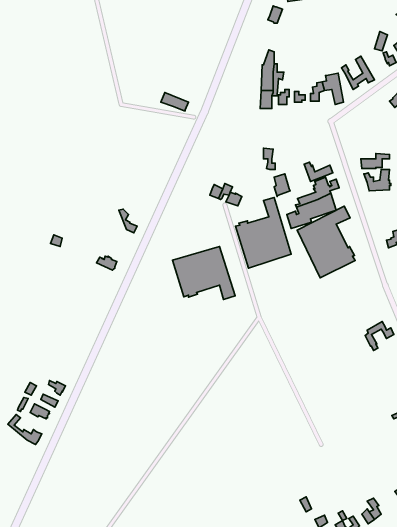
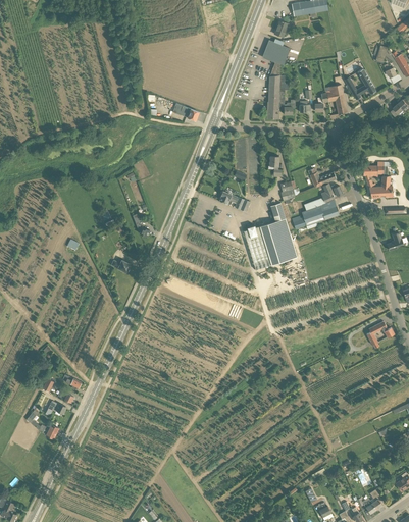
building: none -> [262,40,289,64]
building: [297,206,355,278] -> none
building: [173,246,235,300] -> none

